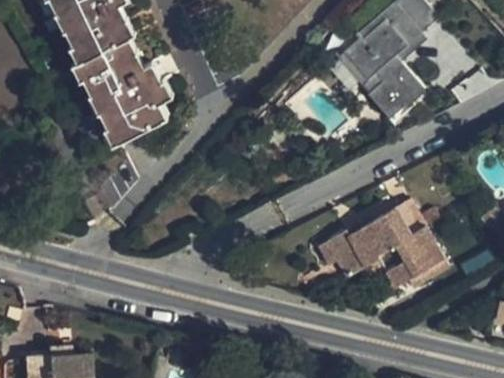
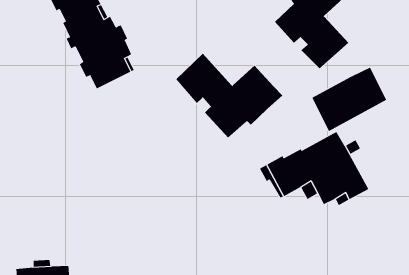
building: none -> [176,53,283,139]
building: none -> [311,67,387,132]

